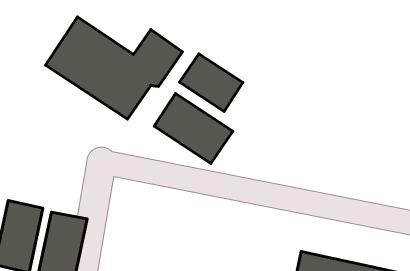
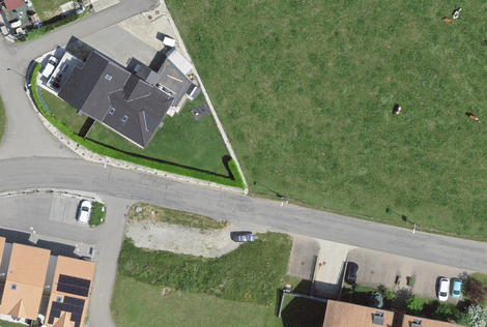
building: [180,54,243,112] -> none
building: [154,93,233,163] -> none

